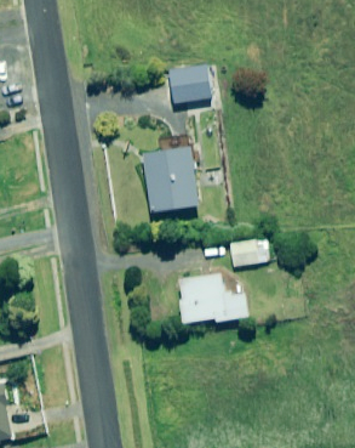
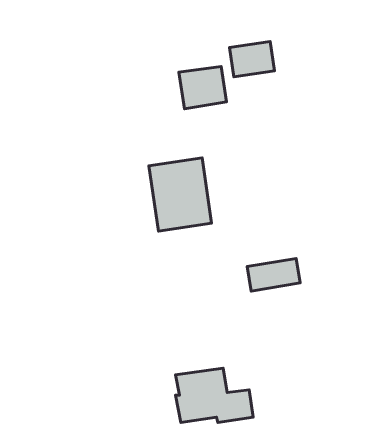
building: none -> [230,41,275,77]
building: [179,274,248,323] -> [175,368,253,422]

